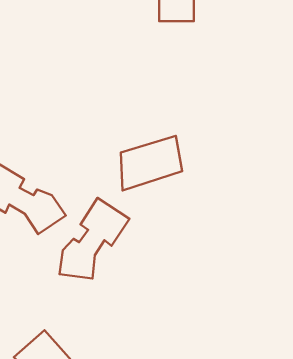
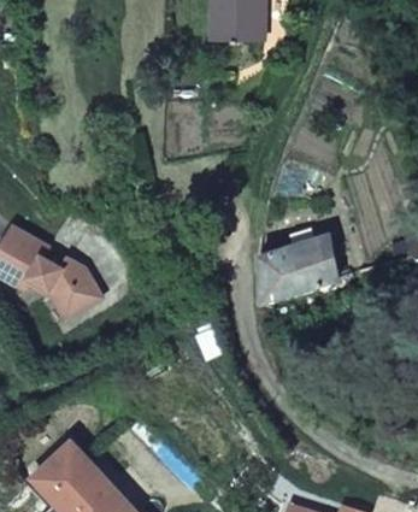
building: [121,136,182,191] -> [260,233,340,304]
building: [60,198,130,279] -> none

